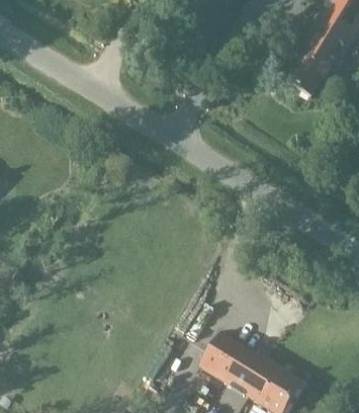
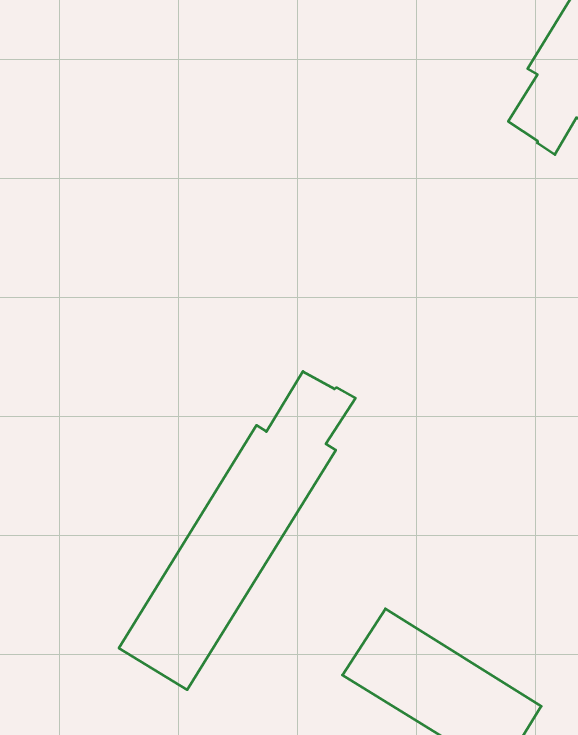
building: none -> [119,371,355,690]

